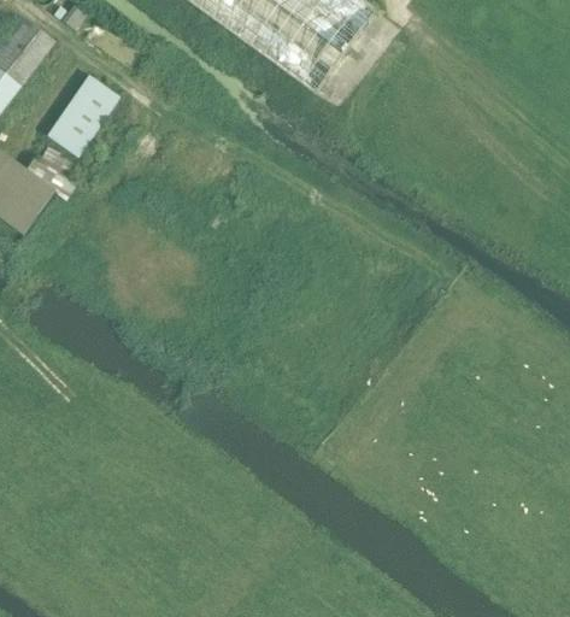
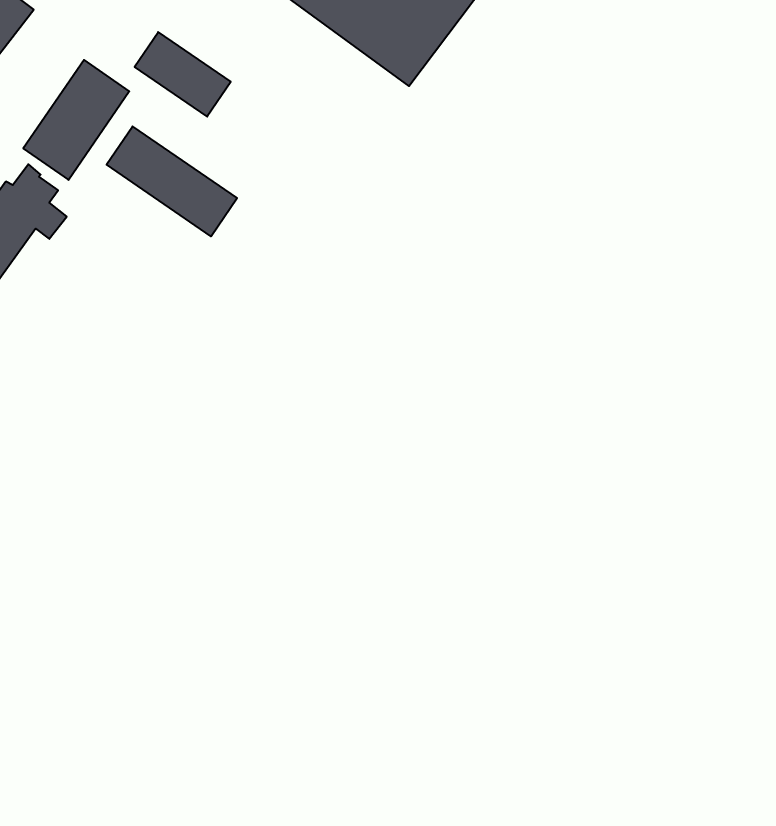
building: none -> [135,32,231,117]
building: none -> [107,126,237,236]

